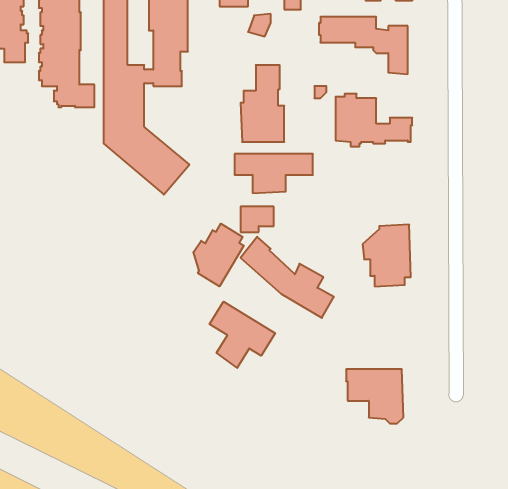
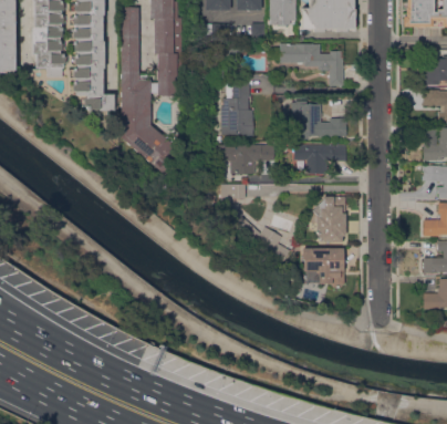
building: none -> [294,145,346,174]
building: [193,224,244,286] -> none
building: [210,302,275,368] -> none
building: [346,369,403,423] -> [302,248,344,288]

